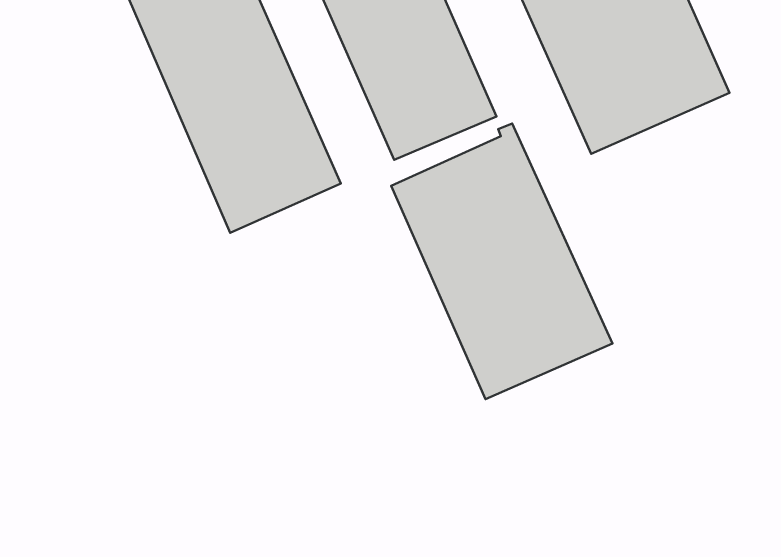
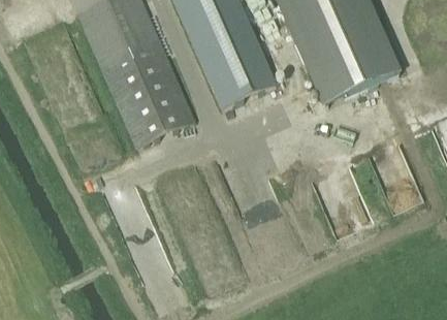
building: [391,123,612,399] -> none

